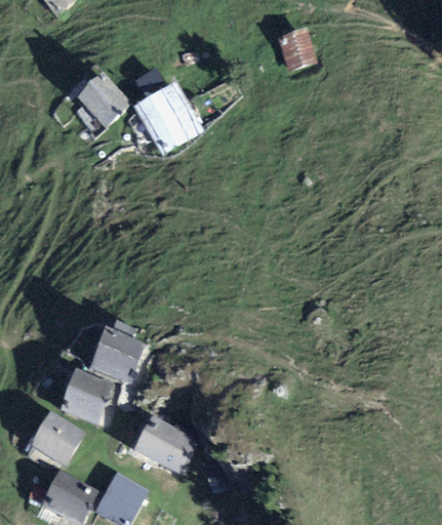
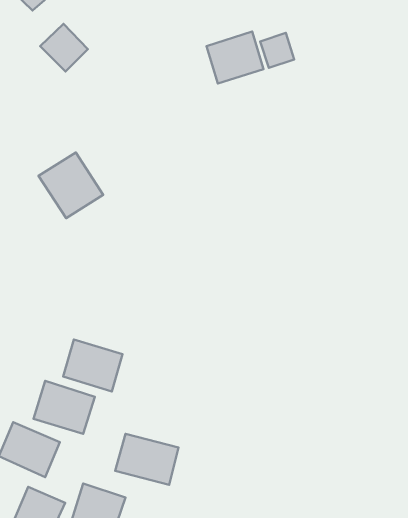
building: none -> [206,32,263,84]
building: [79,77,125,123] -> [40,24,88,71]
building: [135,85,198,149] -> [39,152,103,218]

